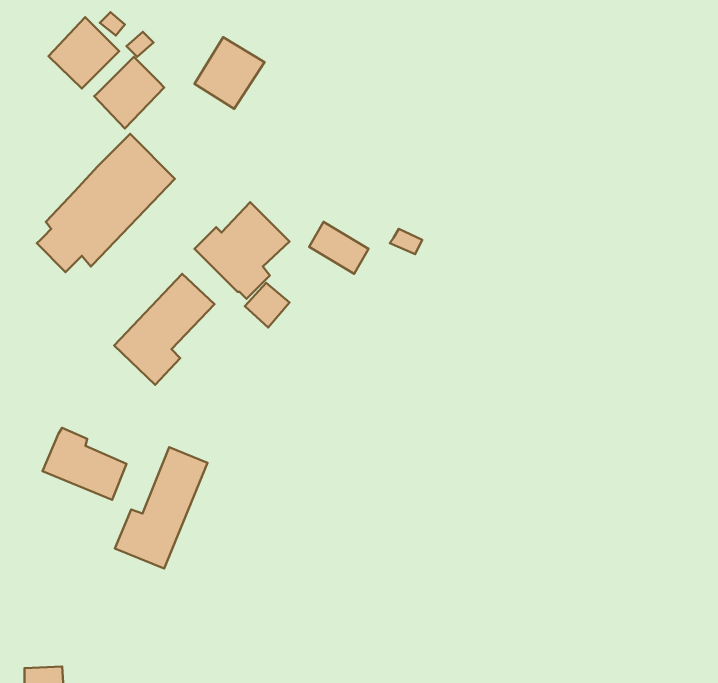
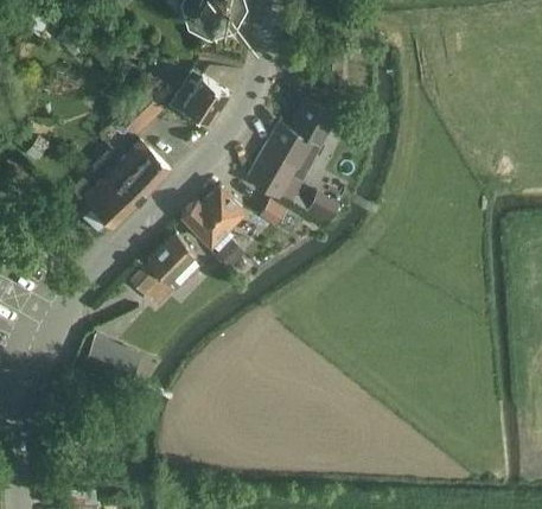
building: [48,17,119,89] -> none
building: none -> [247,97,337,202]
building: [115,447,207,569] -> none

